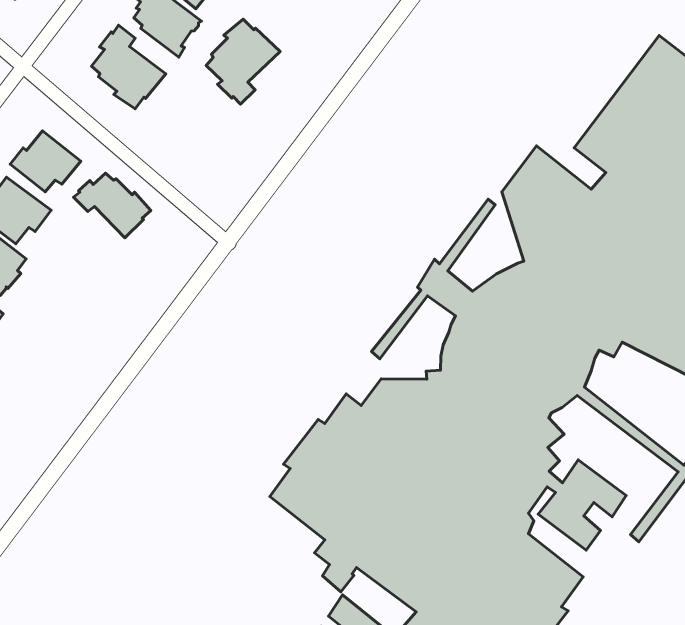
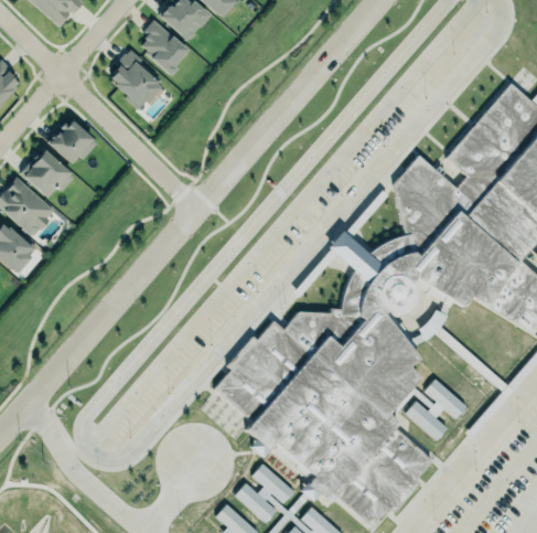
building: [206,19,280,104] -> none
building: [74,173,151,238] -> none

